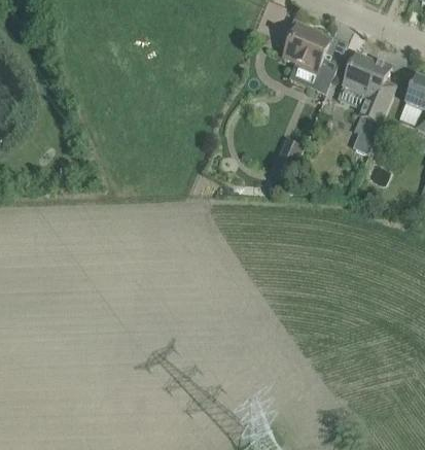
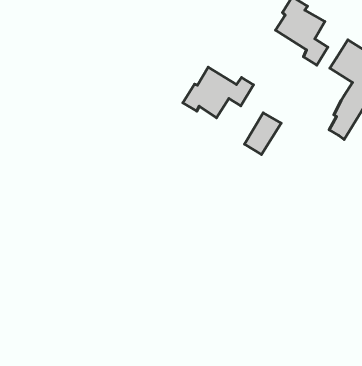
building: none -> [183,67,254,118]

